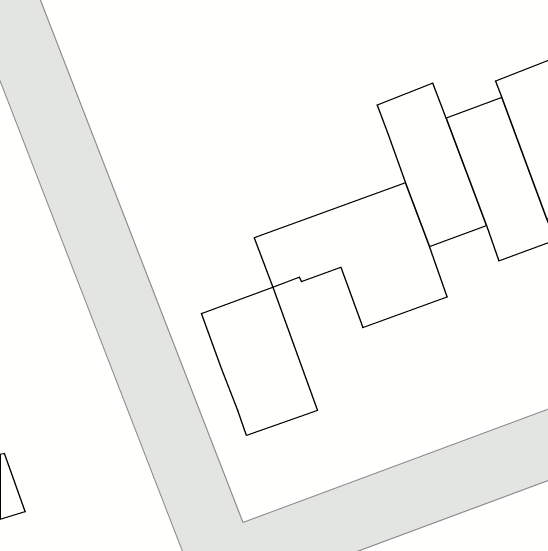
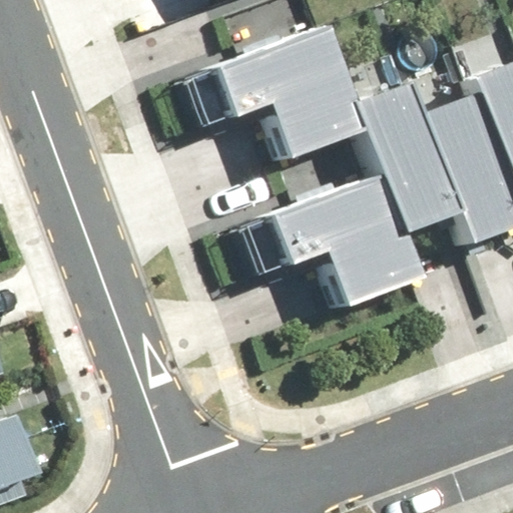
building: none -> [187,26,366,158]
building: [202,287,318,435] -> none

